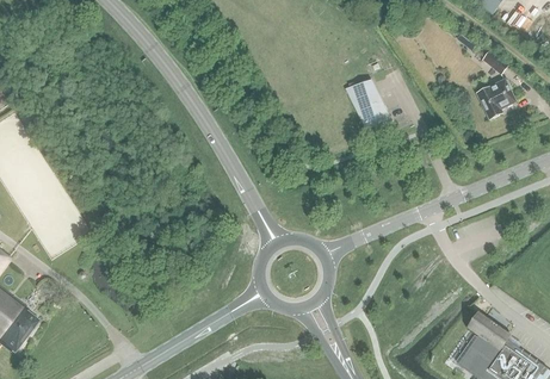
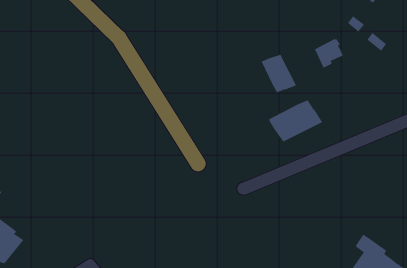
building: [477,79,515,118] -> [314,38,344,68]
building: none -> [268,99,323,142]

